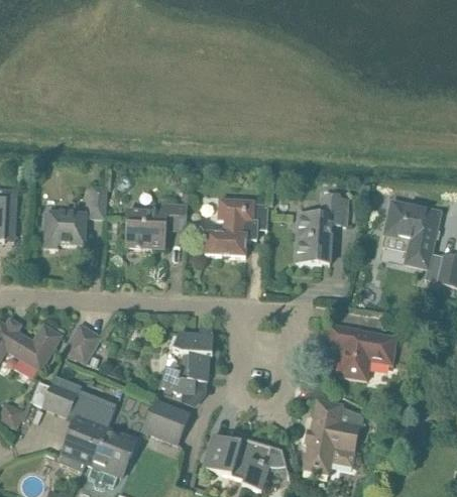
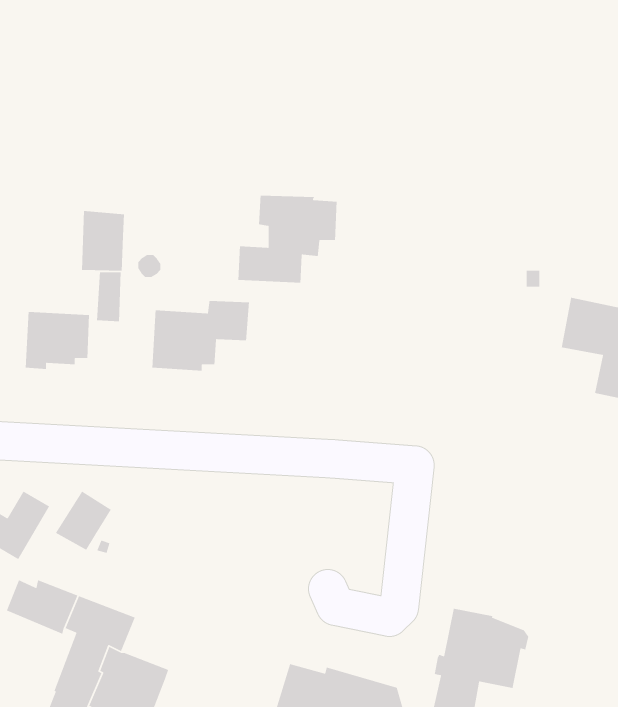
building: none -> [81,210,125,272]
building: [296,197,347,263] -> none
building: [205,200,268,256] -> [238,195,338,284]
building: [326,324,396,379] -> none
building: [160,327,213,393] -> none
building: [143,400,190,444] -> none

